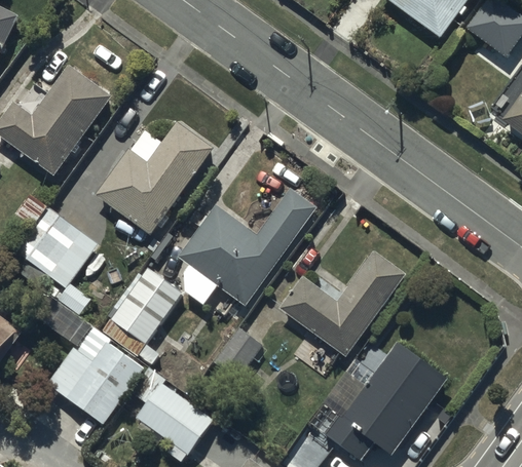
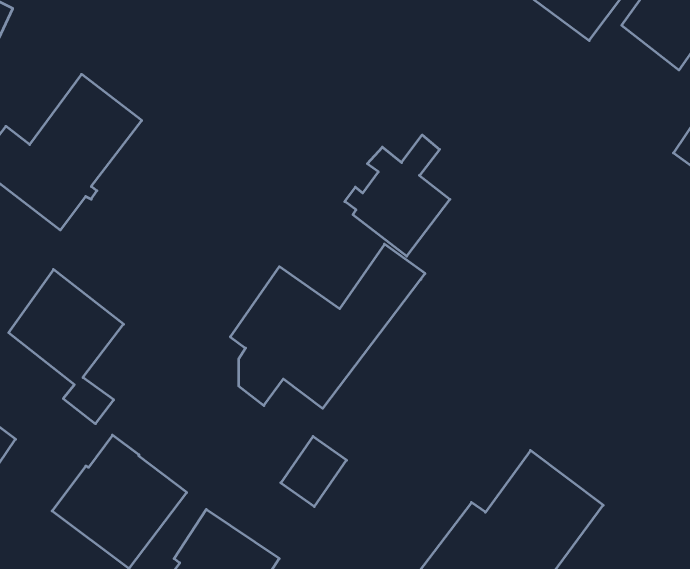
building: none -> [345,135,450,256]
building: [94,120,214,235] -> none
building: [275,250,407,378] -> none
building: [98,269,181,366] -> none

